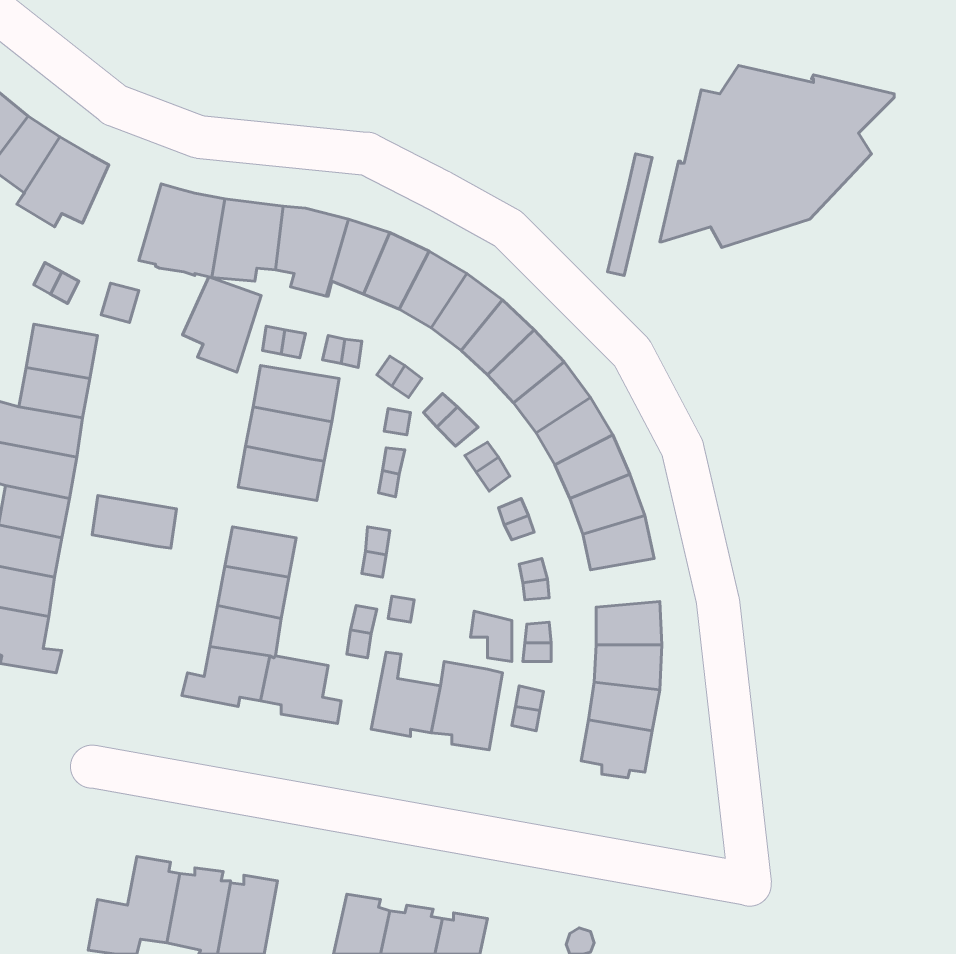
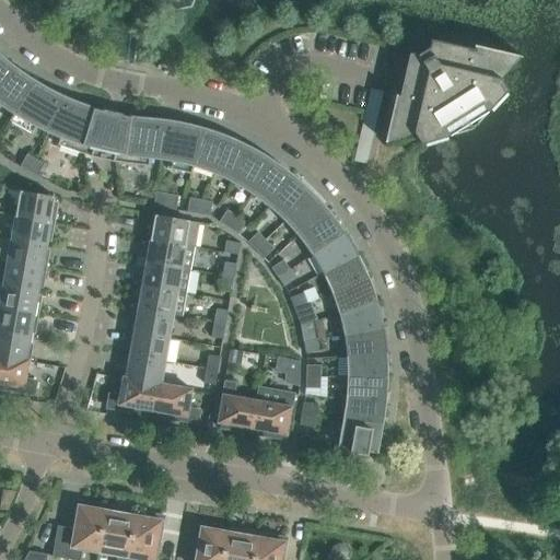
building: [182,277,261,372] -> [48,96,94,152]
building: [92,496,176,548] -> [136,284,185,315]
building: none -> [345,326,385,354]

